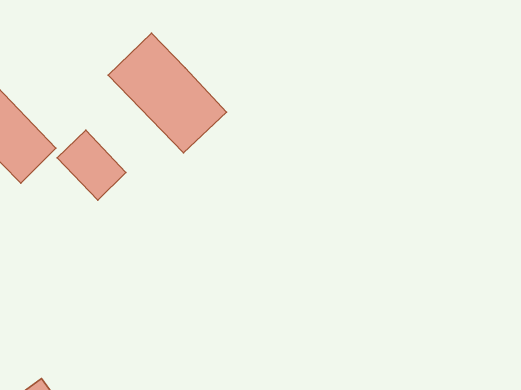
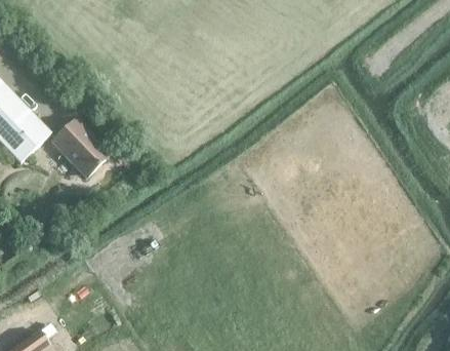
building: [108,33,227,153] -> none

